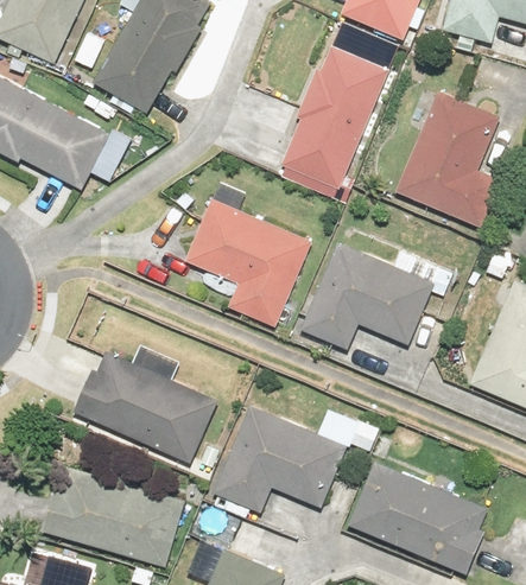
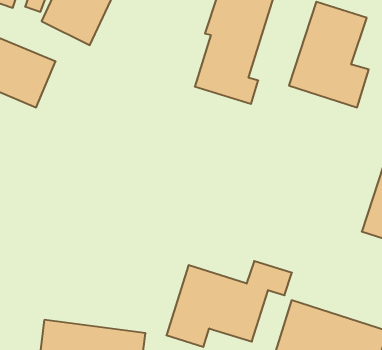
building: [185,198,311,323] -> none
building: [300,241,450,346] -> none
building: [68,350,214,463] -> none

